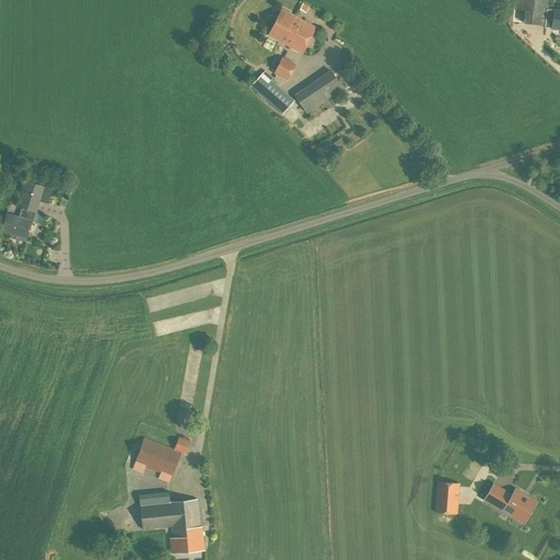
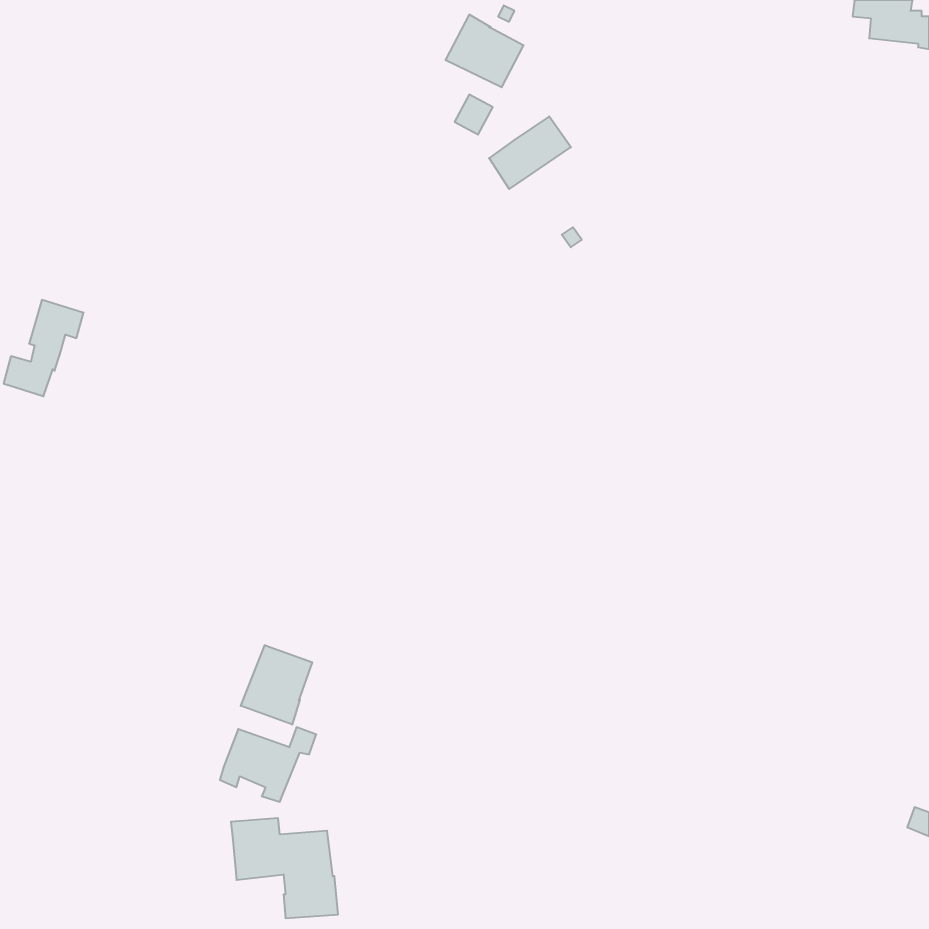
building: [250,73,294,114] -> none
building: none -> [241,645,312,725]
building: [434,481,459,513] -> none
building: [501,491,538,525] -> none

